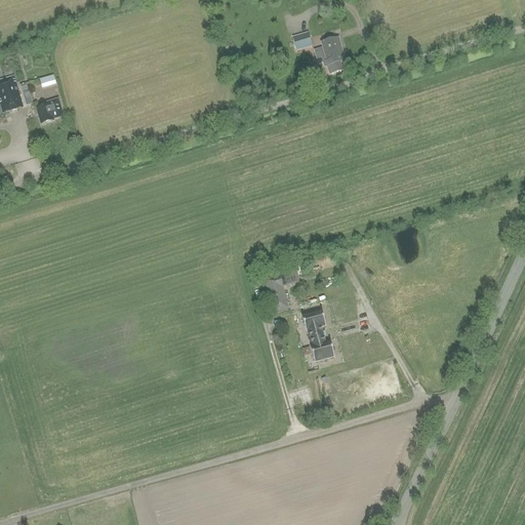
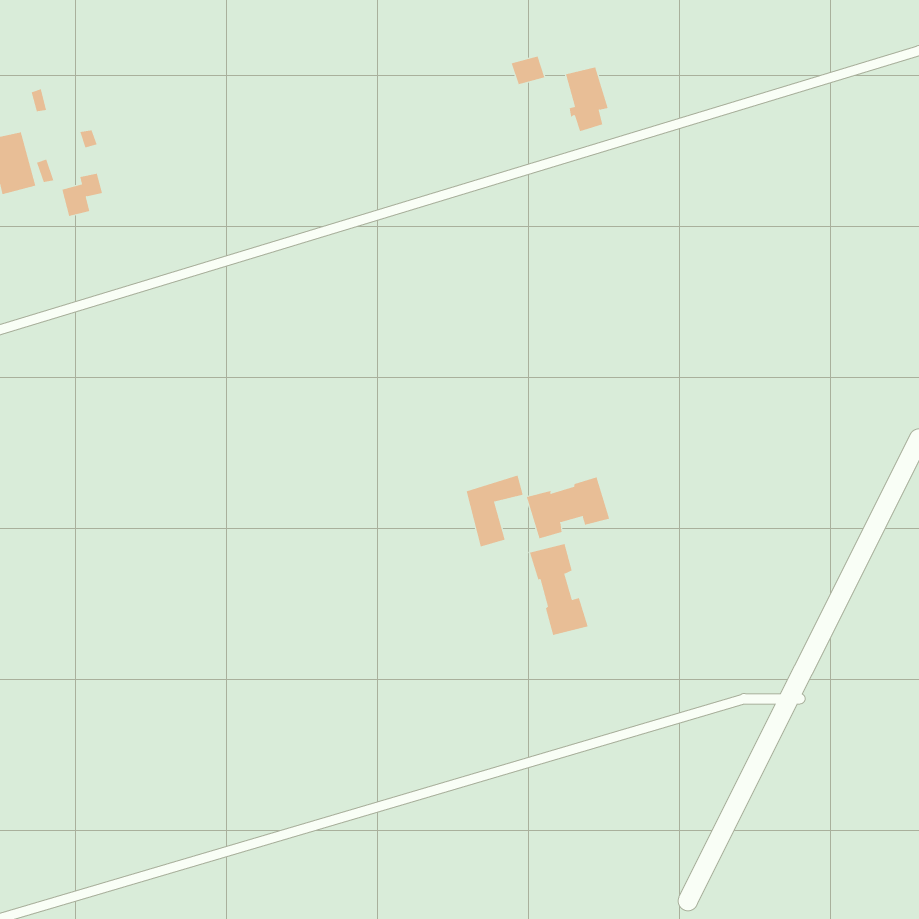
building: none -> [526,476,610,539]

